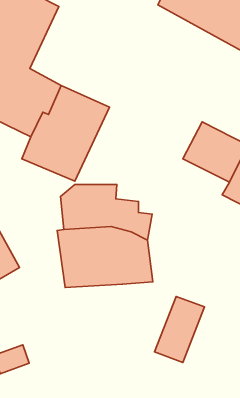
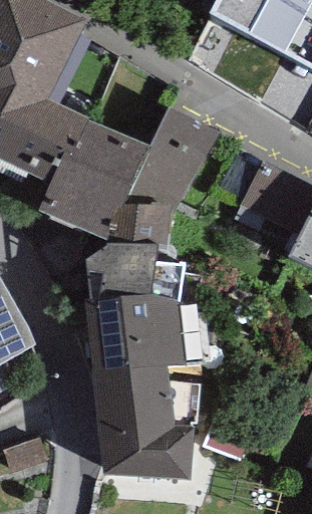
building: none -> [104,105,218,240]
building: none -> [92,364,191,477]

